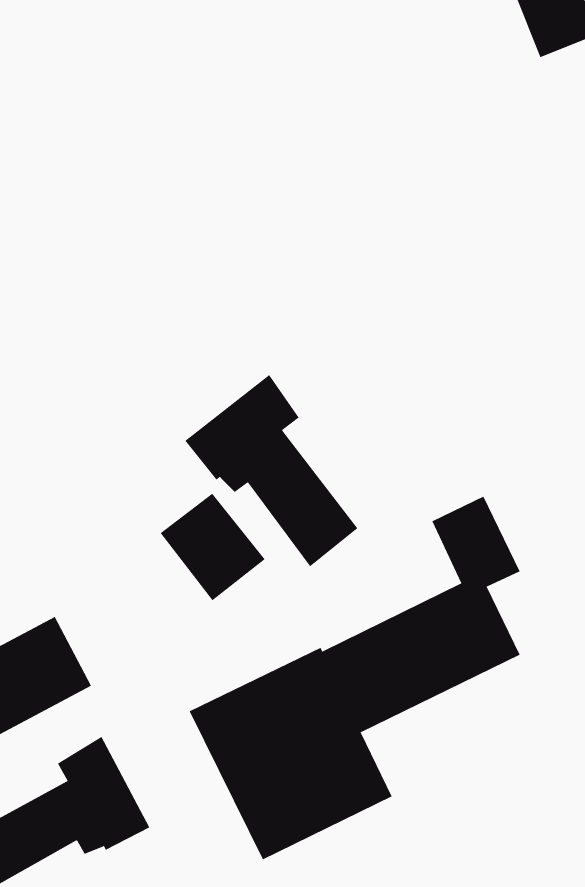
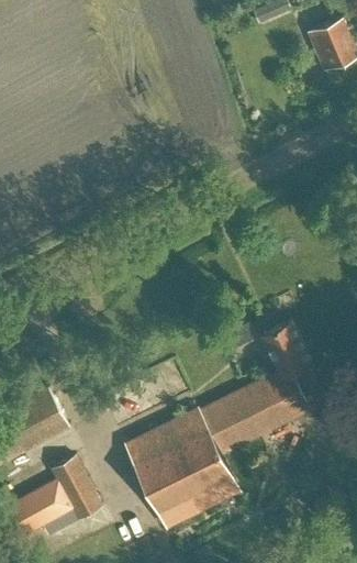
building: [184,374,358,567] -> none
building: [160,493,266,601] -> none

